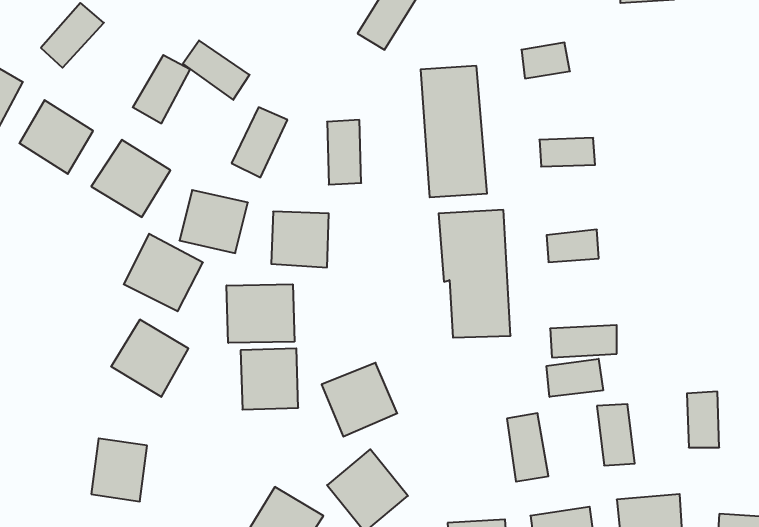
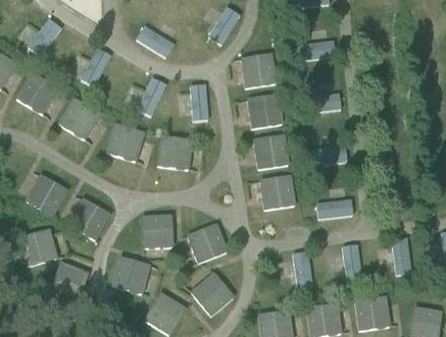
building: [183,40,250,100] -> [136,25,174,59]
building: [124,234,203,311] -> [23,173,68,217]
building: [227,284,294,343] -> none
building: [547,359,603,397] -> none
building: none -> [18,227,58,268]
building: none -> [111,258,148,292]

